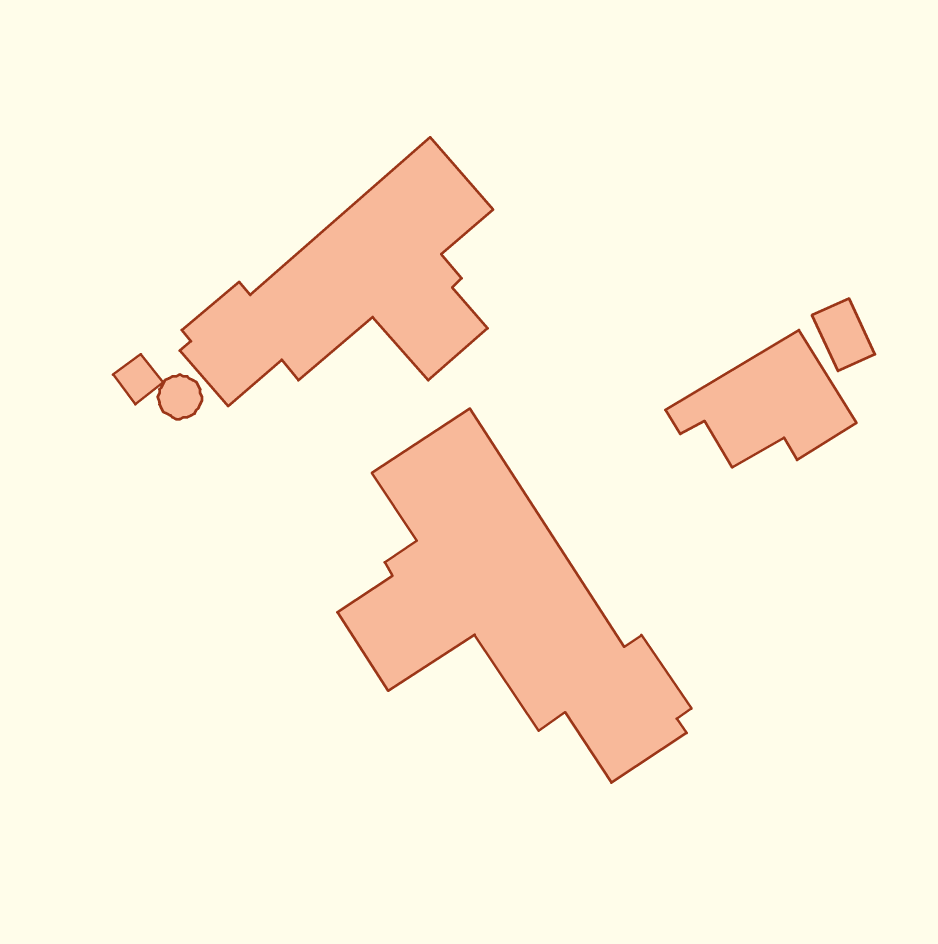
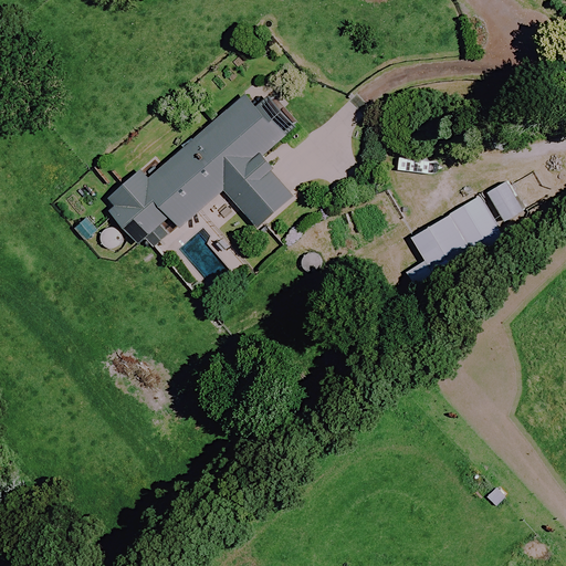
building: [337,409,691,783] -> none

